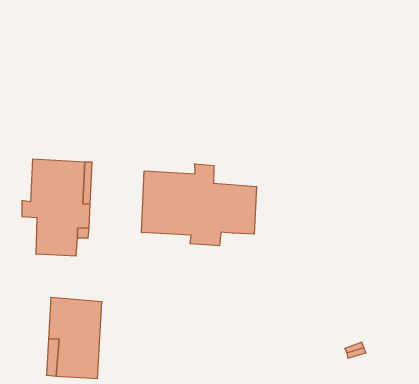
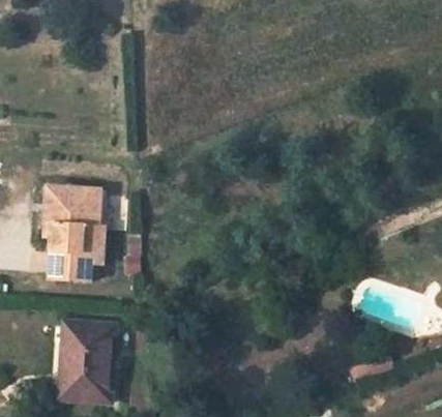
building: [142,164,257,246] -> none

